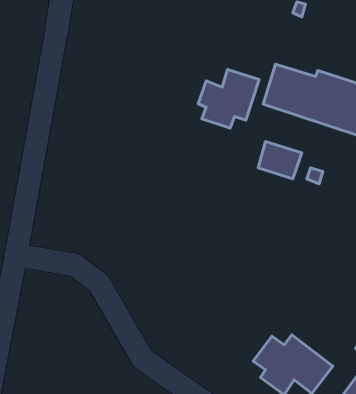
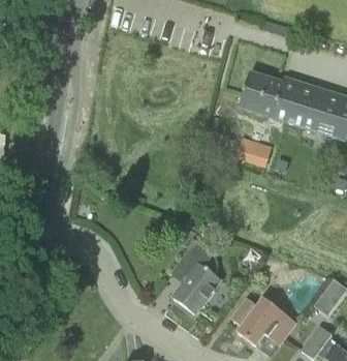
building: [198,69,259,128] -> none
building: none -> [171,239,221,313]

